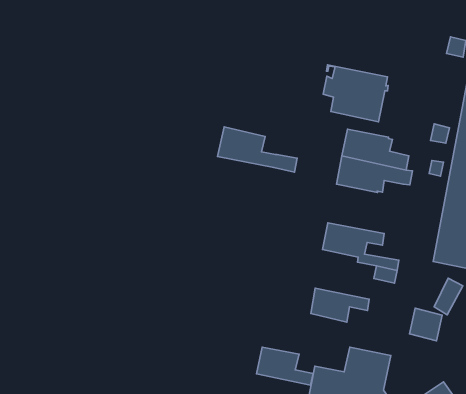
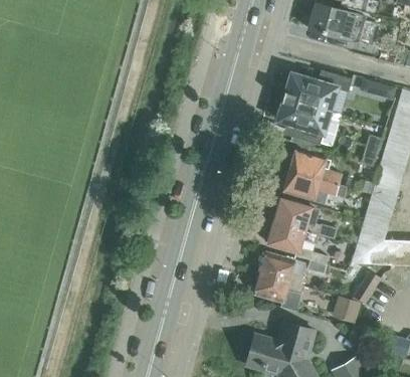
building: none -> [283,69,352,110]
building: [218,127,297,172] -> [274,199,338,239]
building: [256,347,313,385] -> [260,252,305,286]

